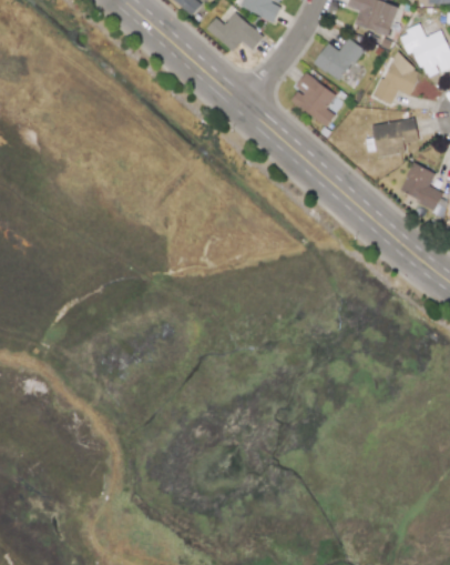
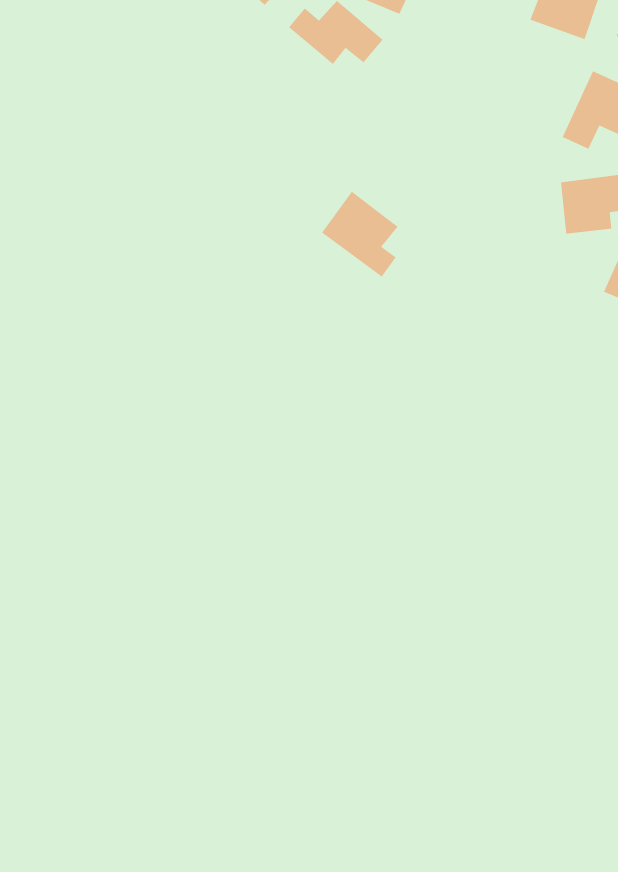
building: [314,38,364,81] -> none
building: [289,73,337,127] -> [321,191,398,277]

